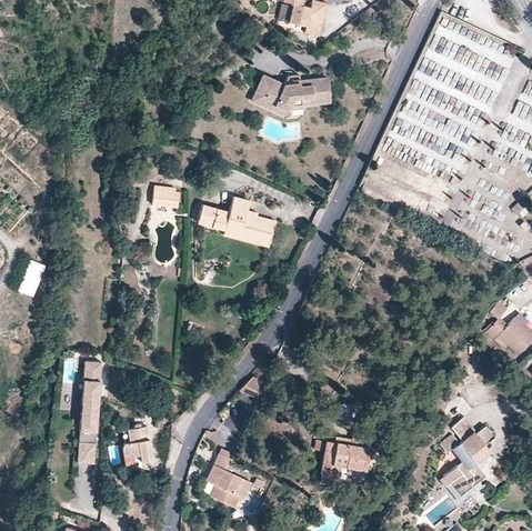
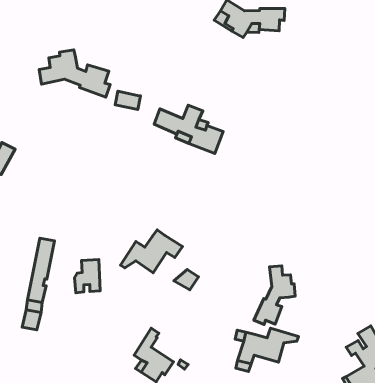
building: none -> [39,50,110,97]
building: none -> [120,230,183,273]
building: none -> [254,266,295,325]
building: [123,428,153,468] -> [75,260,100,293]

